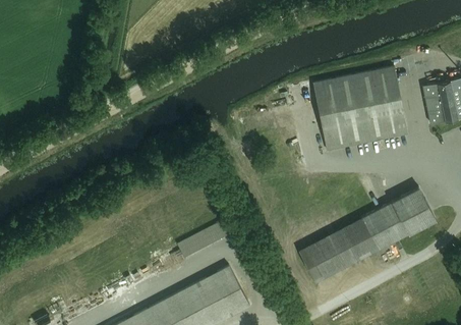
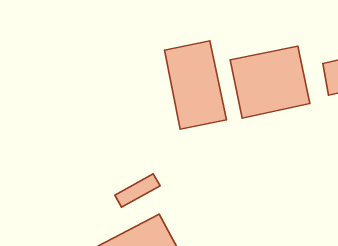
building: none -> [165,41,226,129]
building: [298,186,436,283] -> none

